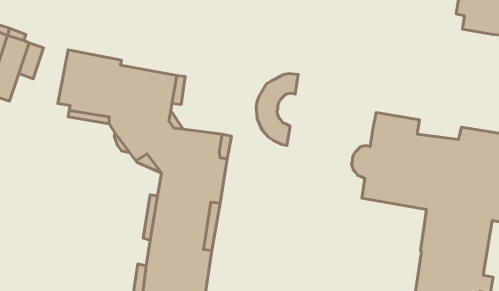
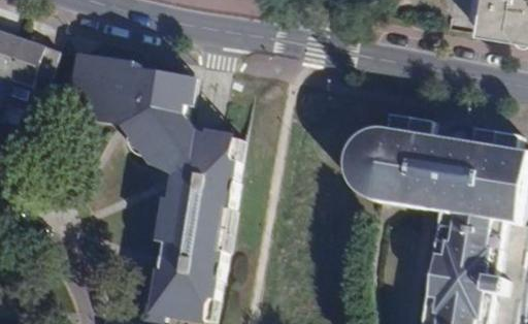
building: [256,74,298,146] -> [345,129,388,201]

